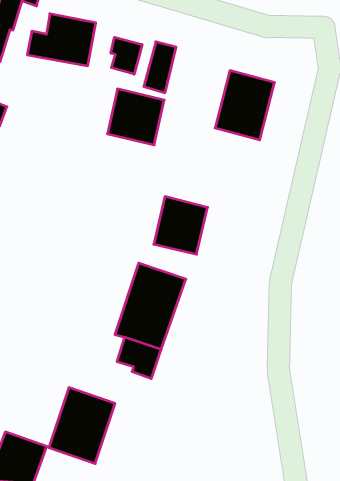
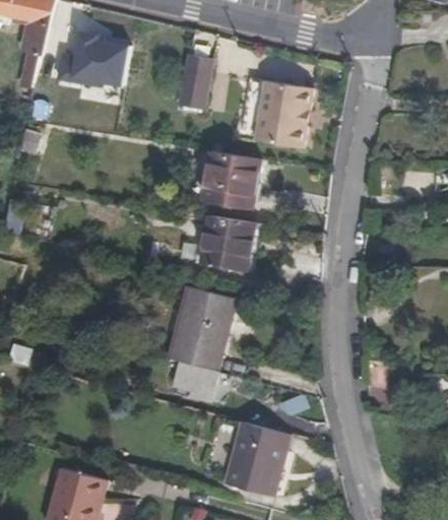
building: [111,37,142,74] -> none
building: [107,89,164,145] -> [203,151,259,206]
building: [49,388,115,464] -> [223,420,289,497]

